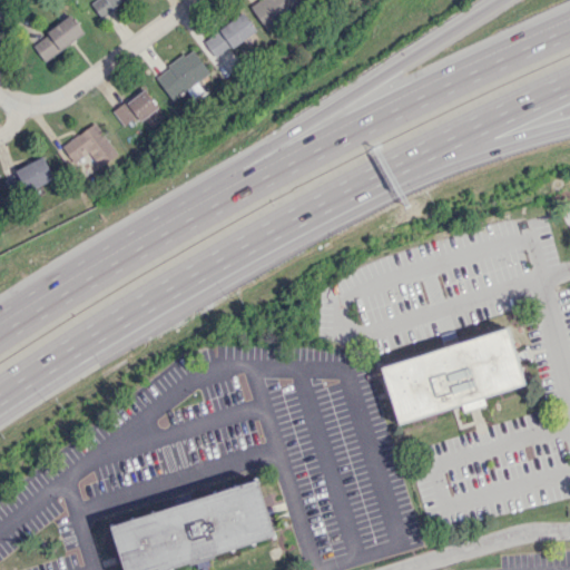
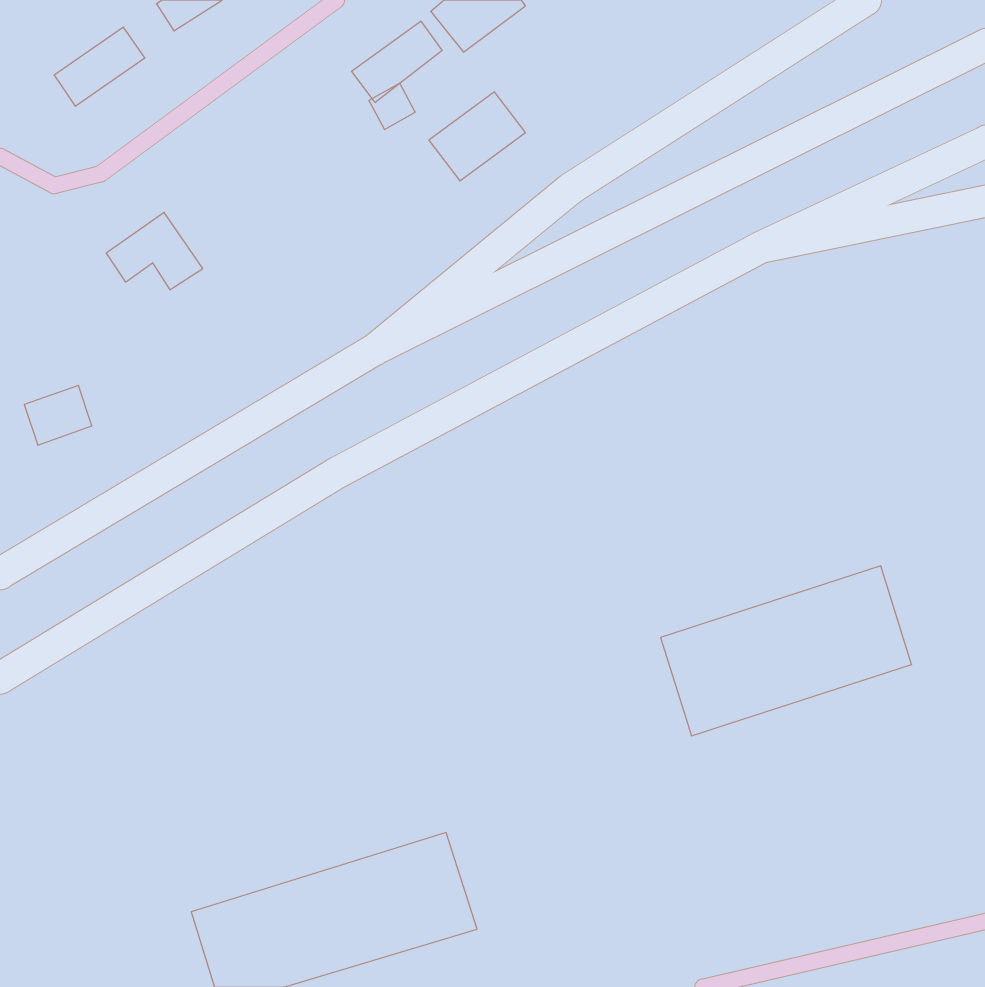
building: [155,49,210,100] -> [429,92,525,181]
building: [112,87,159,126] -> none
building: [14,157,53,191] -> [24,385,92,445]

